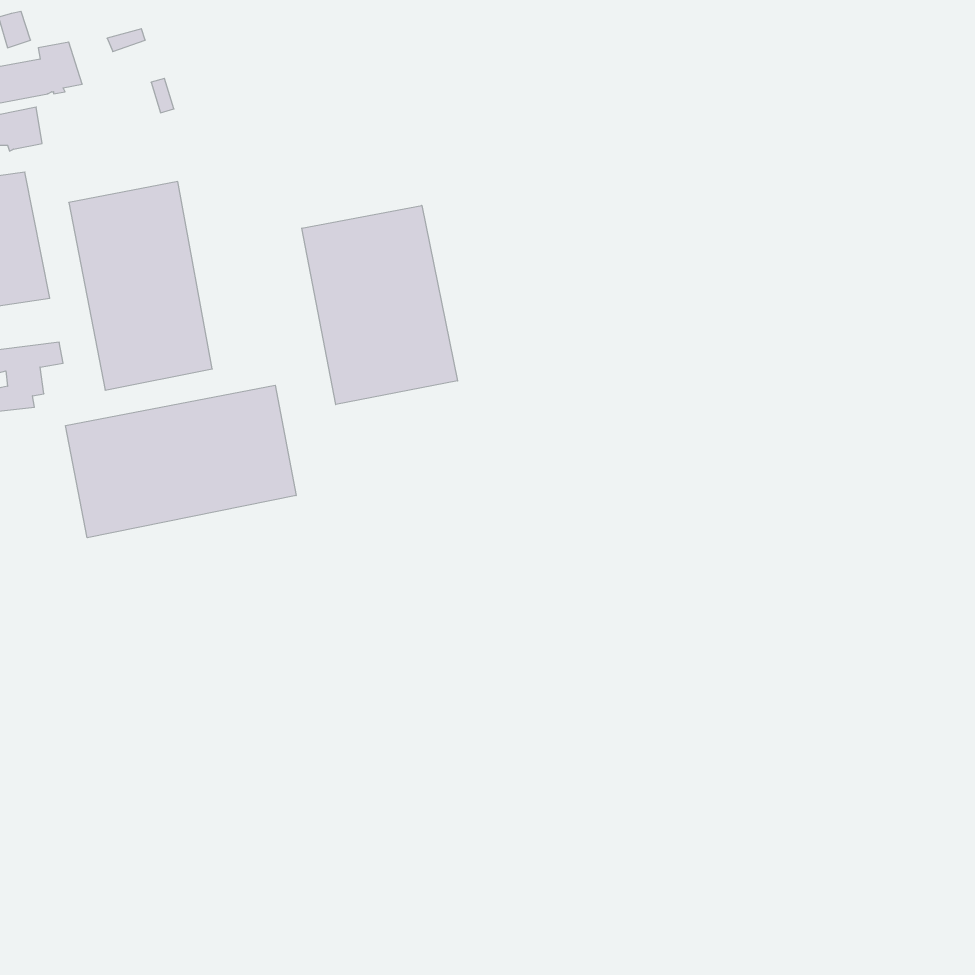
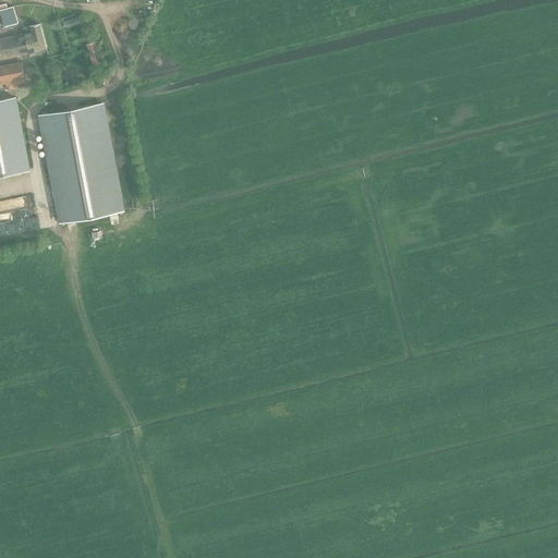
building: [302,205,458,405] -> none
building: [66,385,296,538] -> none

